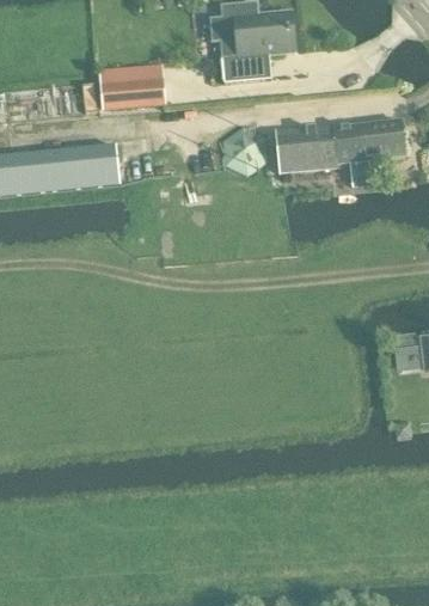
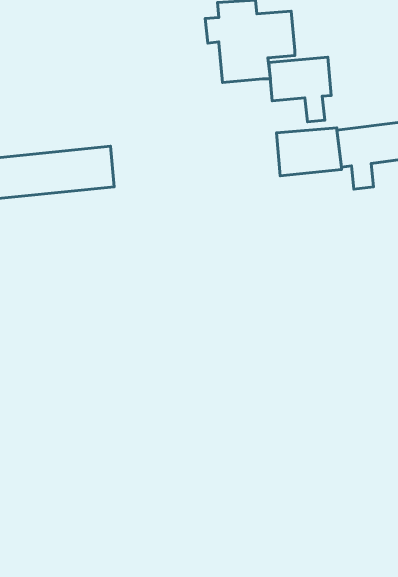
building: none -> [269,57,331,122]
building: [98,65,165,111] -> none

